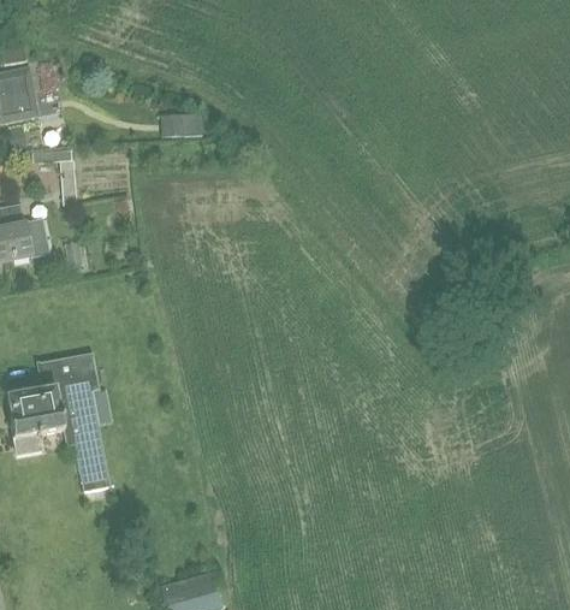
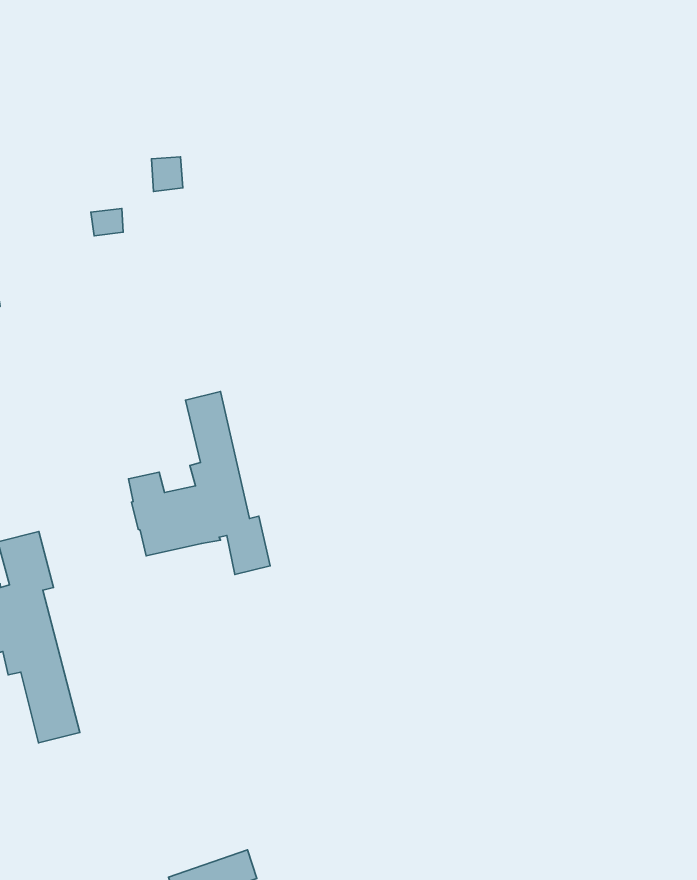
building: none -> [128,391,270,574]

